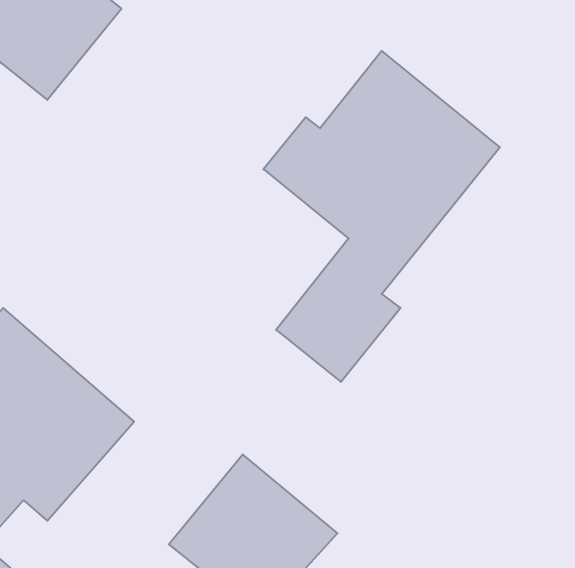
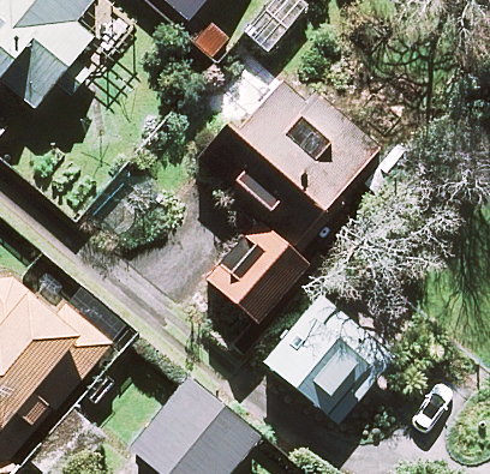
building: none -> [264,302,387,422]

